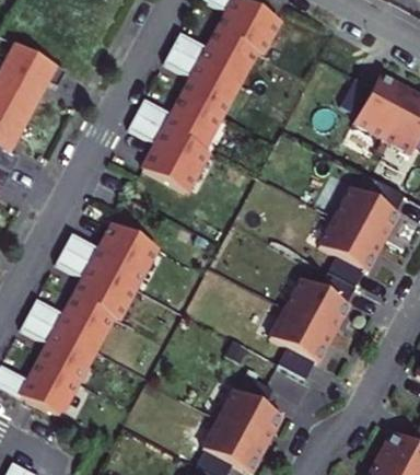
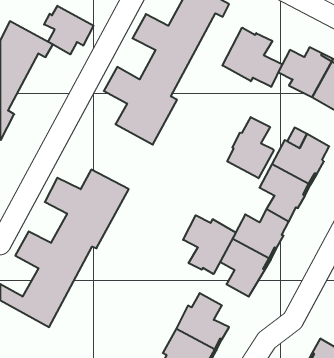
building: none -> [44,6,93,54]
building: none -> [222,28,282,87]
building: none -> [227,117,274,178]
building: none -> [183,215,236,274]

